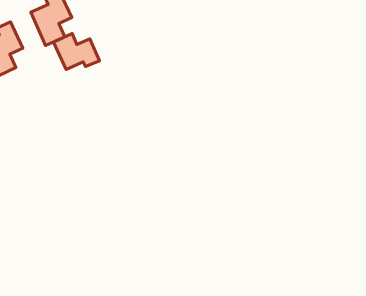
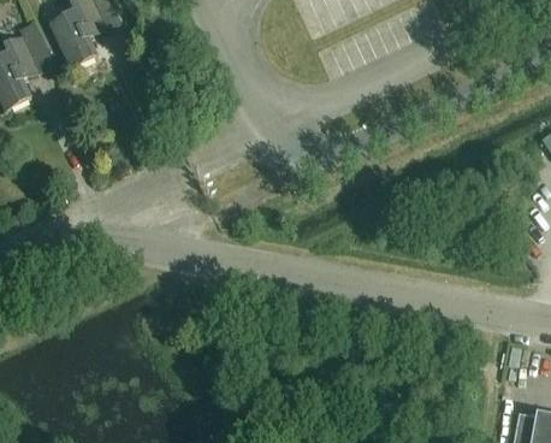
building: [53,34,99,69] -> none

